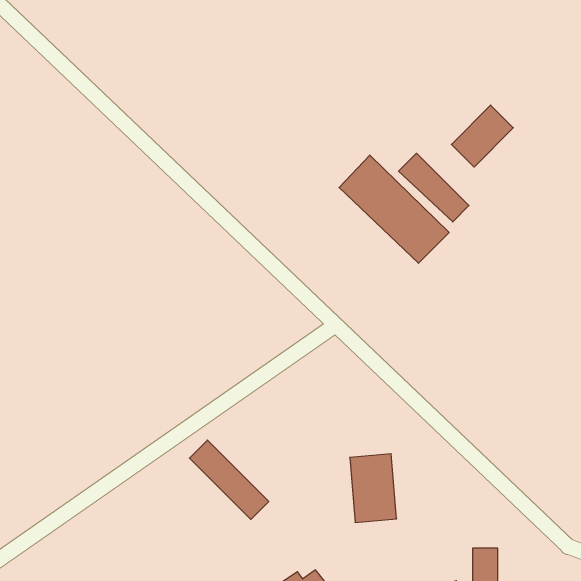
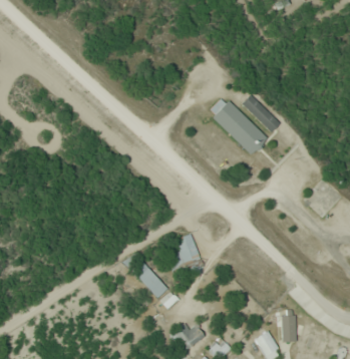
building: [451,105,513,167] -> none
building: [350,454,397,522] -> [174,236,201,274]

